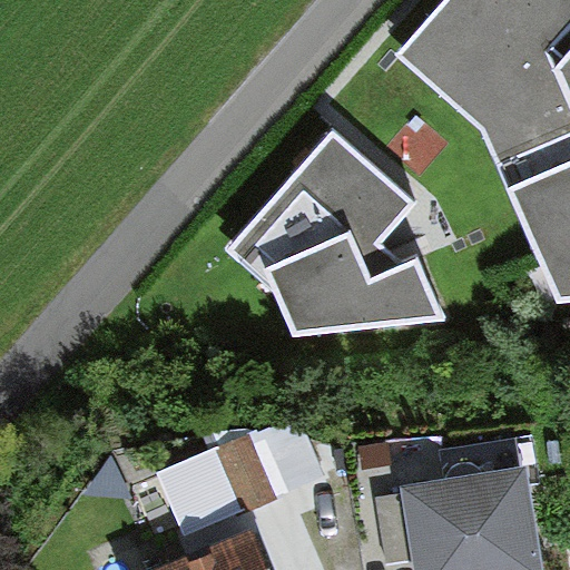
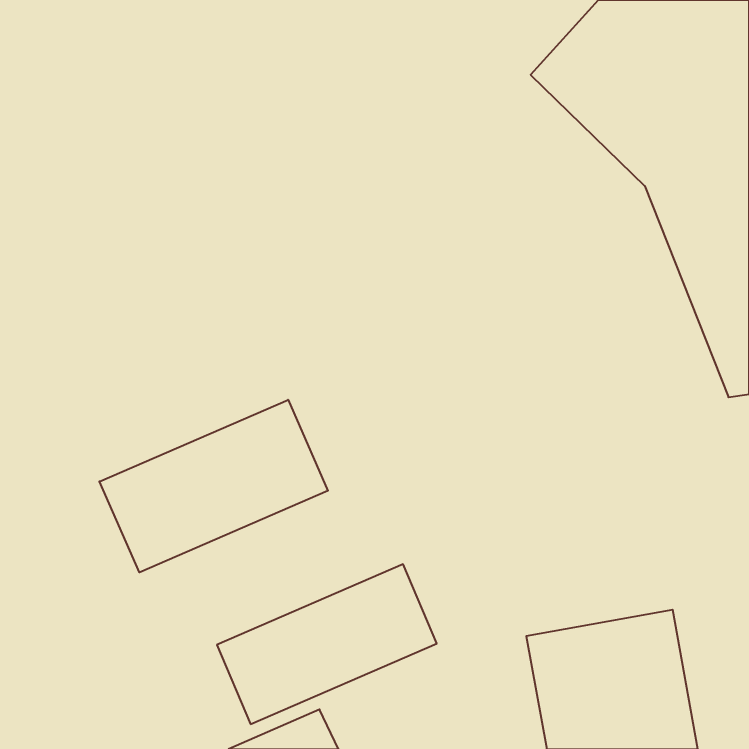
building: [230,128,441,332] -> none
building: none -> [99,400,328,572]

